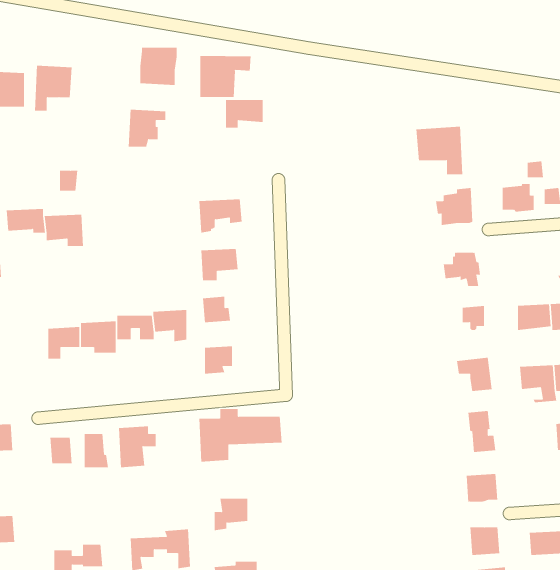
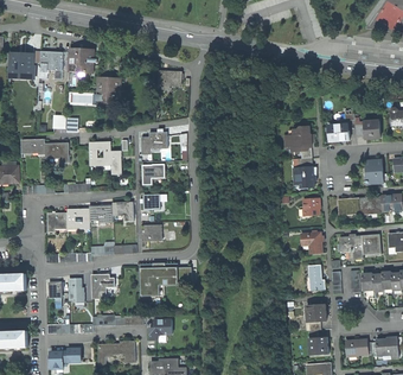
building: [139,47,178,85] -> [69,47,92,71]
building: [200,55,251,98] -> none
building: [416,126,463,175] -> none
building: none -> [89,141,121,173]

